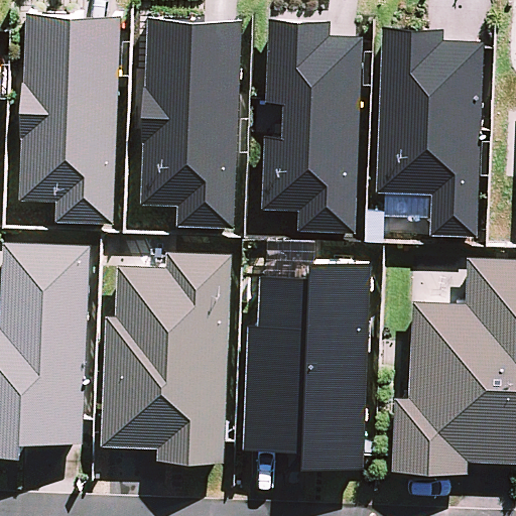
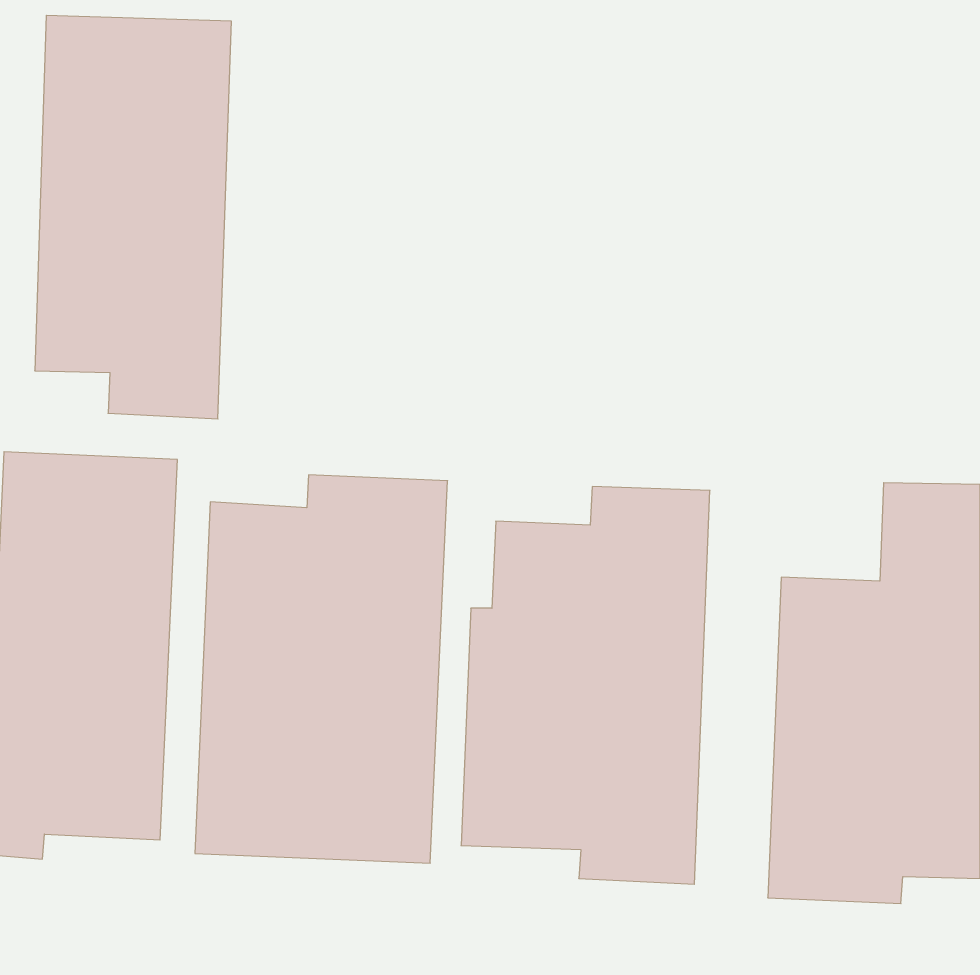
building: [137,16,243,229] -> none
building: [259,17,364,232] -> none
building: [374,27,485,236] -> none

